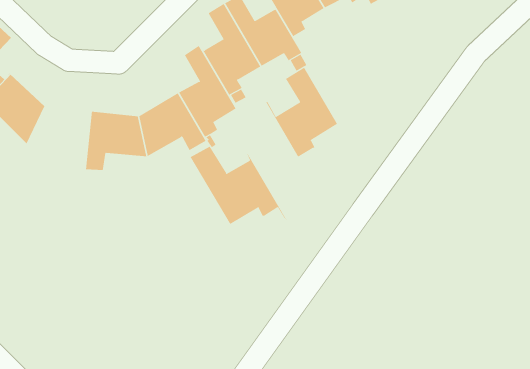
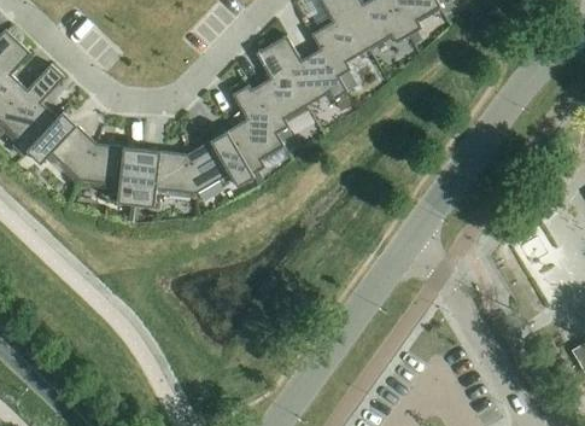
building: [266,67,338,157] -> none
building: none -> [78,144,141,205]
building: [190,146,288,225] -> none

